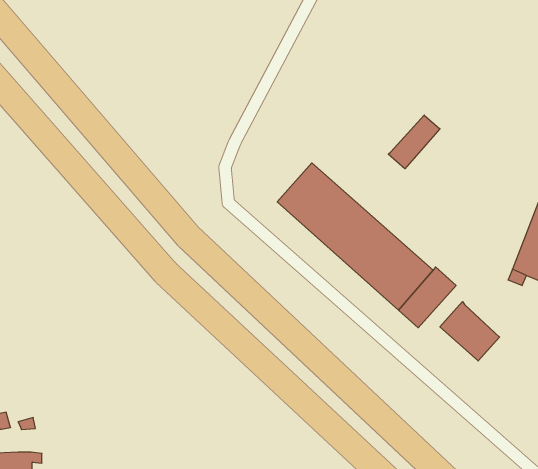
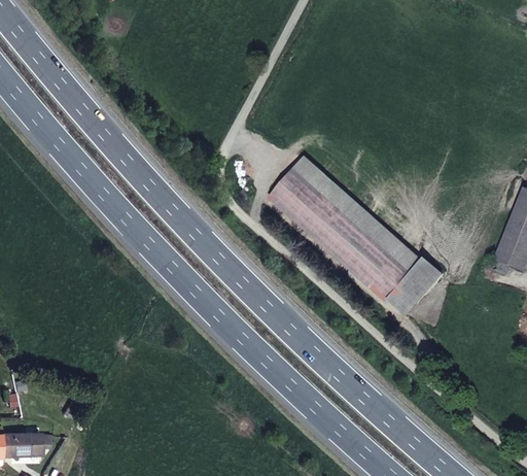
building: [388,115,440,169] -> none
building: [440,302,500,361] -> none

